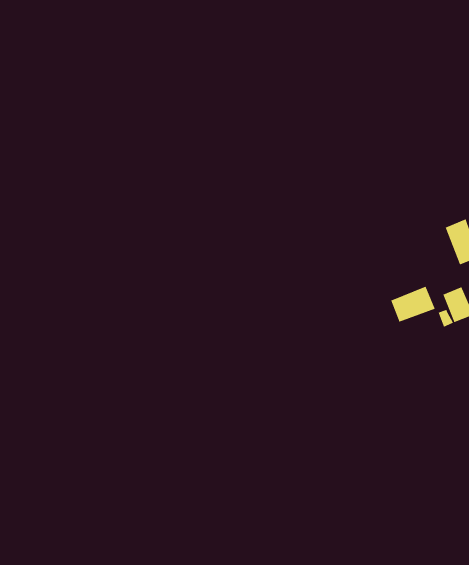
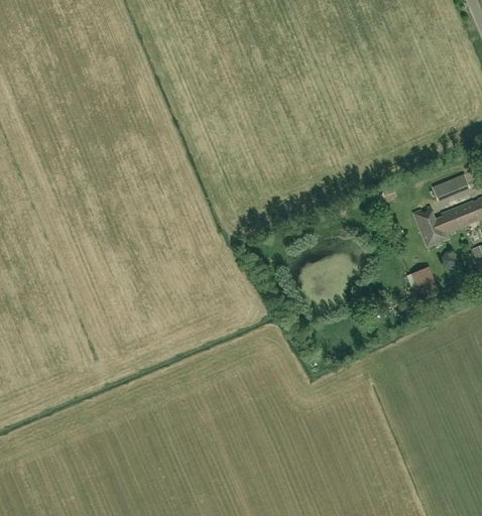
building: [391,286,435,322] -> none

